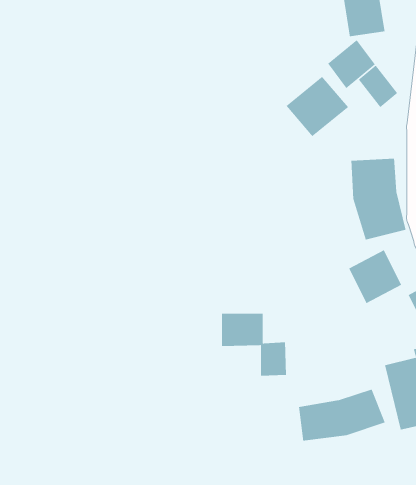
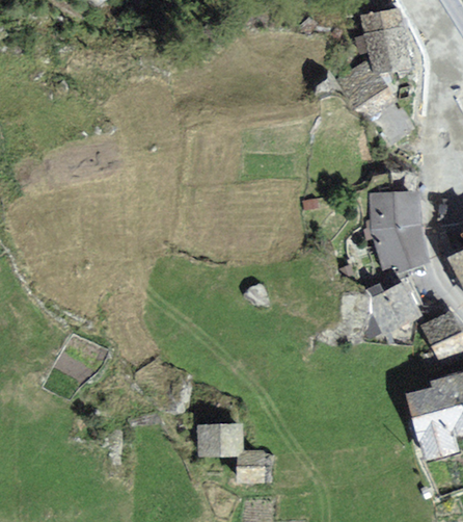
building: [285,76,349,137] -> none
building: [221,313,287,377] -> [195,422,260,485]
building: [298,389,386,441] -> none

